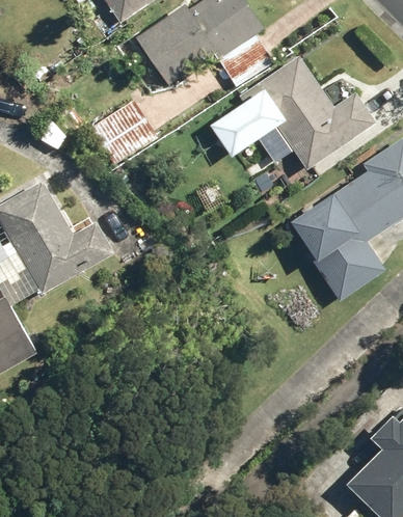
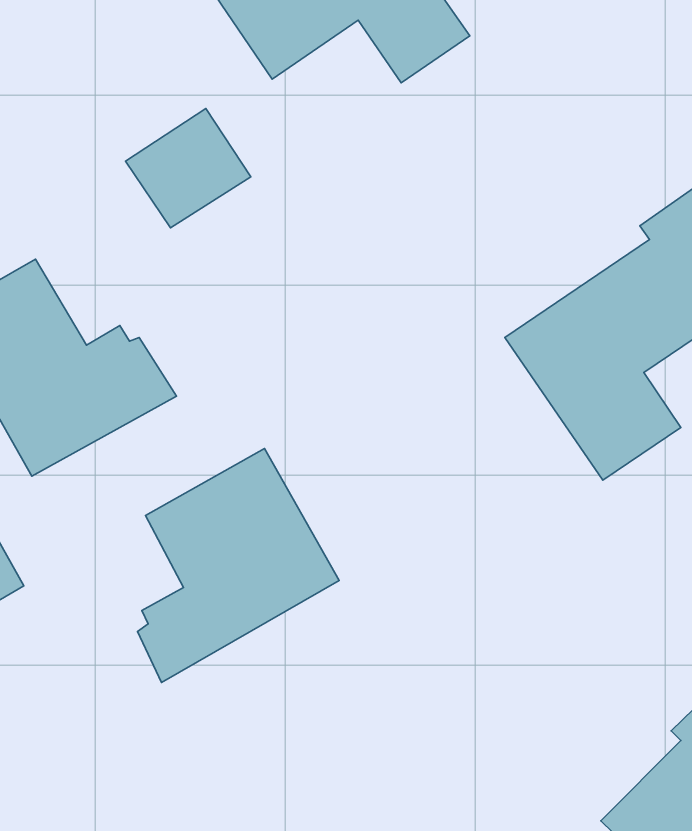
building: [210,56,377,170] -> none
building: none -> [138,449,339,682]

